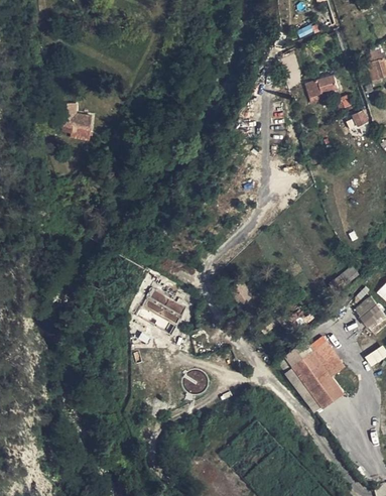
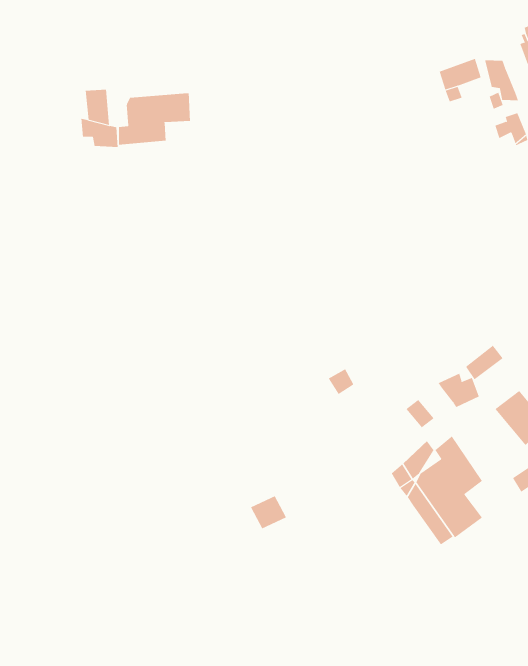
building: none -> [484,60,519,101]
building: none -> [118,93,191,146]
building: none -> [438,373,480,408]
building: [142,293,183,326] -> none

